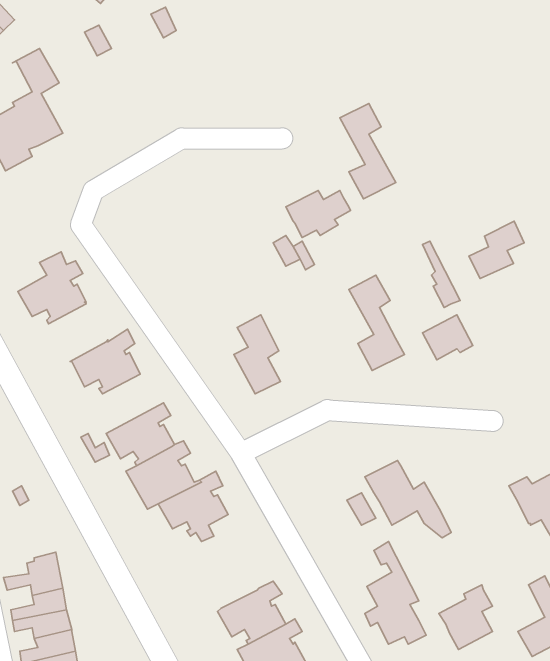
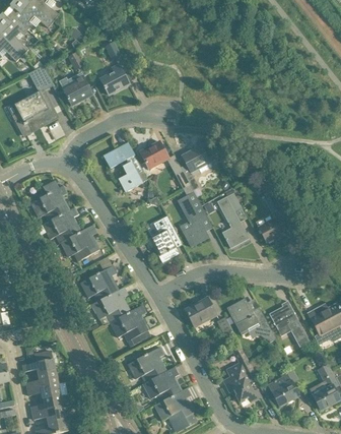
building: none -> [98,64,127,95]
building: none -> [59,74,90,105]
building: [340,103,396,199] -> [177,192,208,246]
building: none -> [139,140,167,168]
building: none -> [103,141,146,191]
building: [469,221,524,279] -> none
building: none -> [42,206,80,242]
building: none -> [184,297,215,326]
building: none -> [268,300,309,346]
building: none -> [127,346,165,381]

